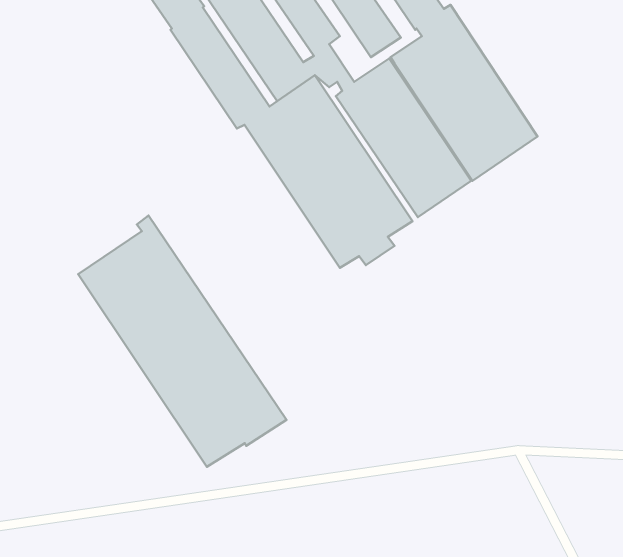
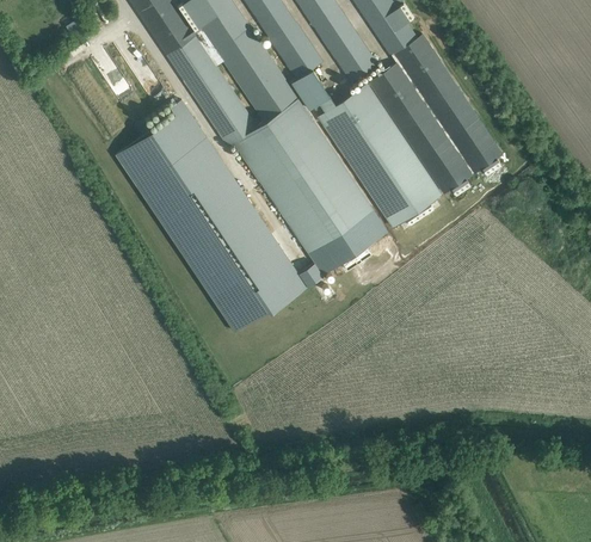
building: [78,215,286,467] -> [116,99,307,329]

